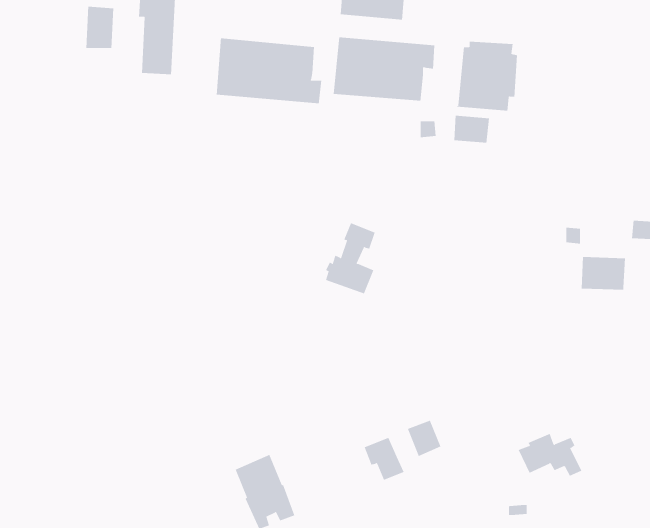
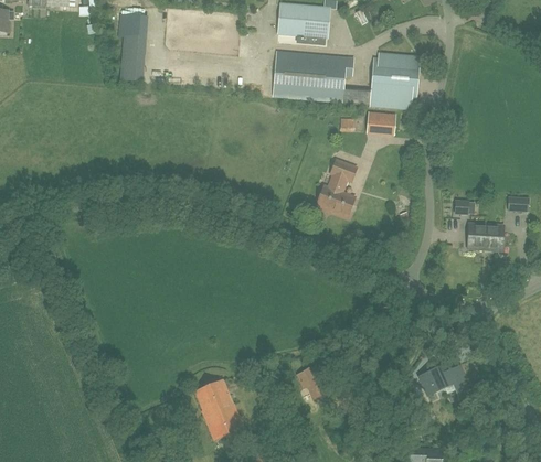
building: [86,6,114,49] -> none
building: [216,38,322,104] -> none
building: [325,223,376,294] -> [316,160,356,216]
building: [407,420,441,457] -> none

